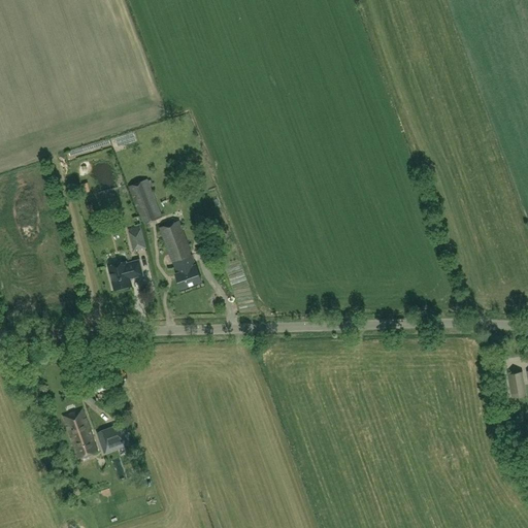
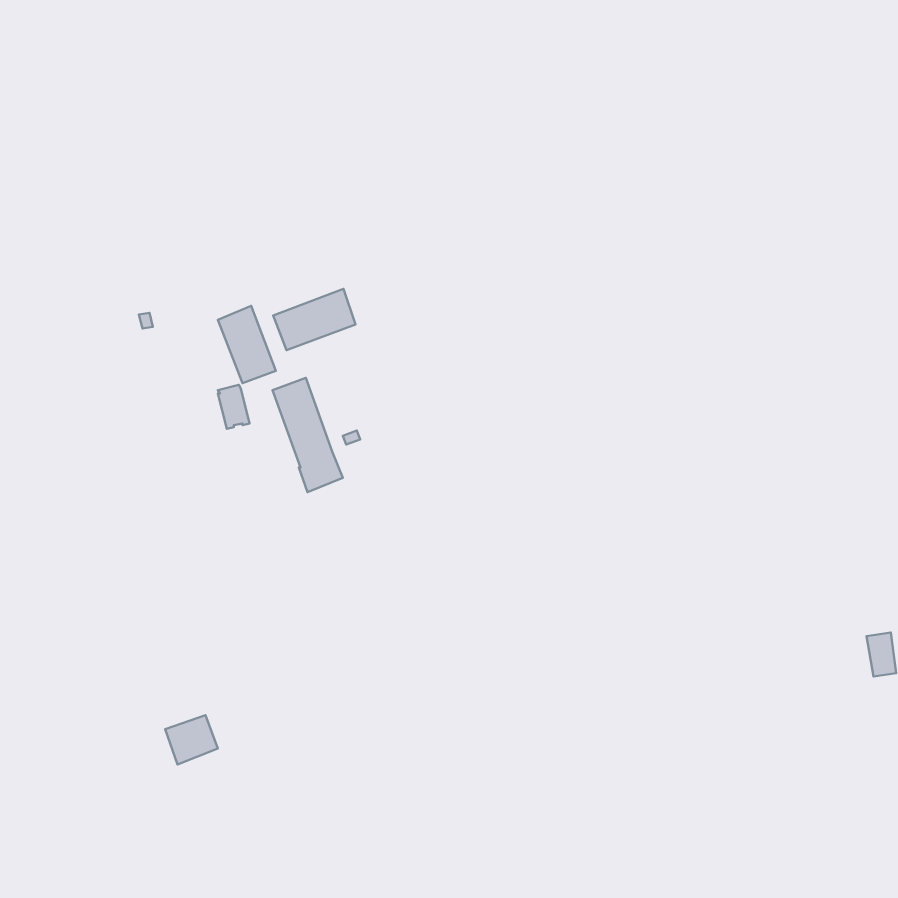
building: none -> [273,289,356,350]
building: [108,261,142,290] -> none
building: [63,409,97,458] -> none

